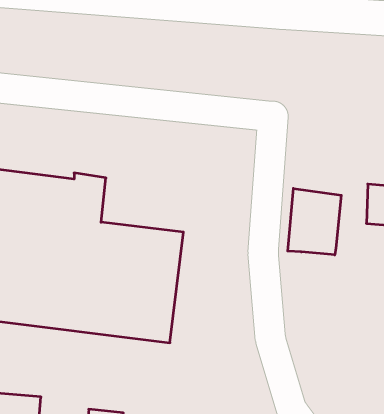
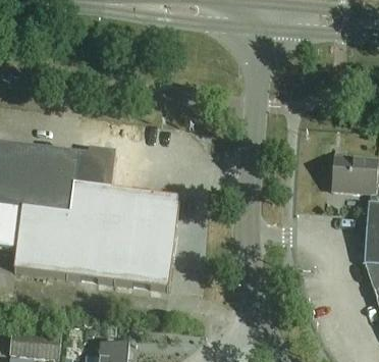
building: [288,188,341,255] -> none

